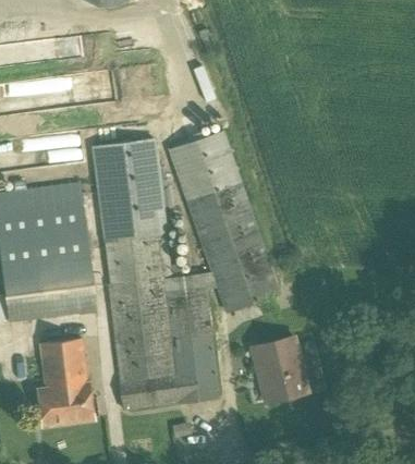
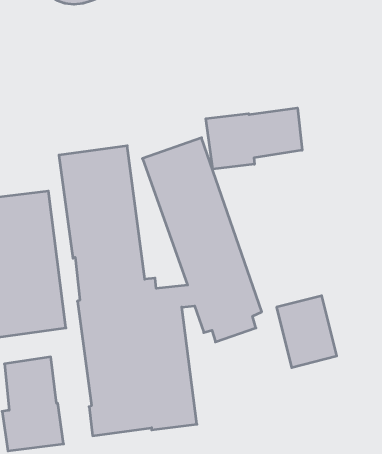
building: none -> [206,108,302,169]
building: [252,334,308,402] -> [277,296,337,368]

